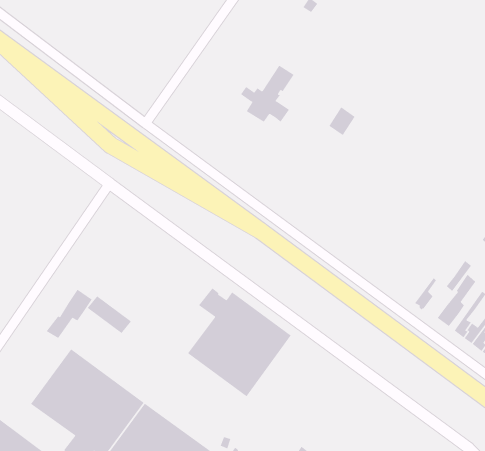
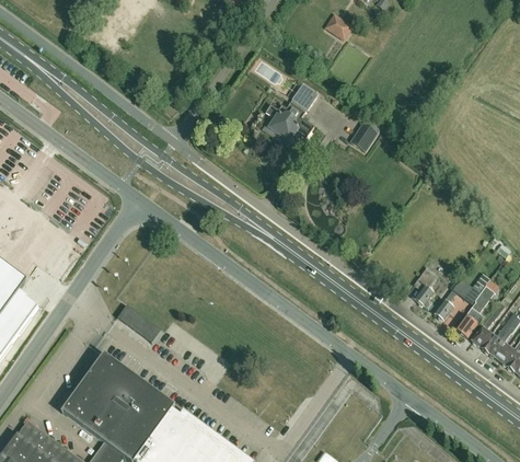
building: none -> [414,266,439,308]
building: [187,287,291,397] -> none
building: [46,289,92,339] -> none

